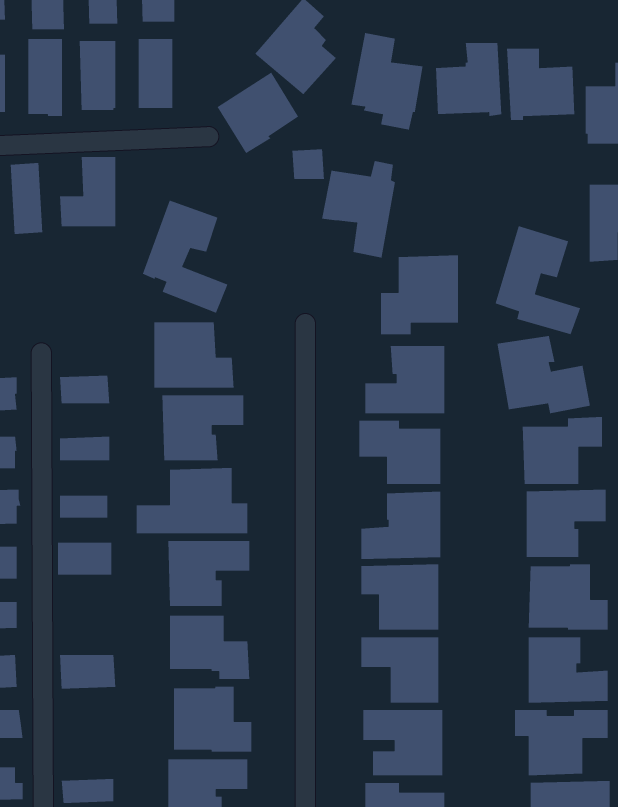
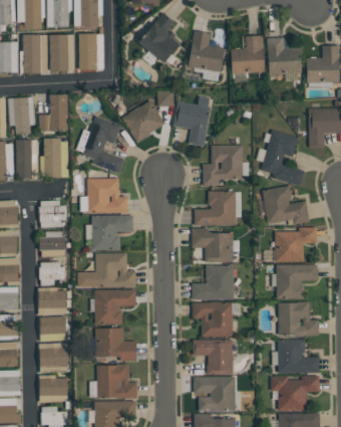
building: [216,71,299,154] -> [122,100,164,143]
building: none -> [44,139,61,178]
building: none -> [16,140,32,179]
building: none -> [40,316,65,335]
building: none -> [39,378,67,396]

